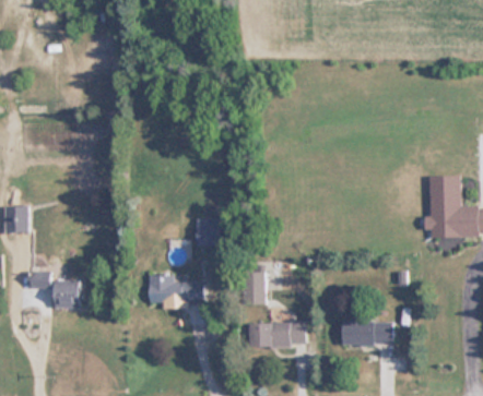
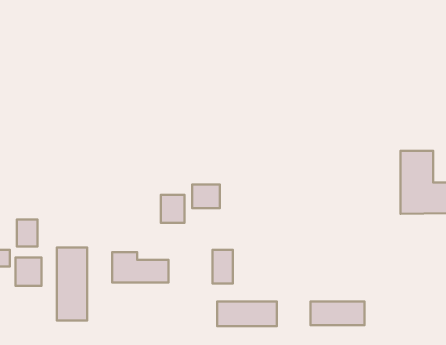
building: none -> [192,185,220,208]
building: none -> [17,220,38,246]
building: none -> [57,248,87,321]

